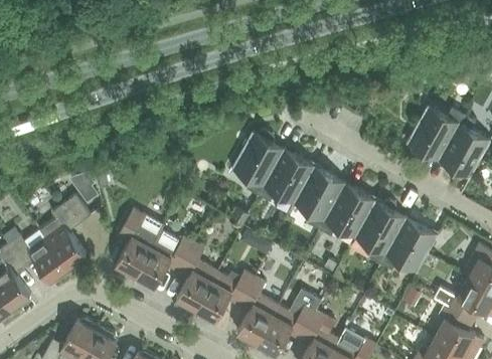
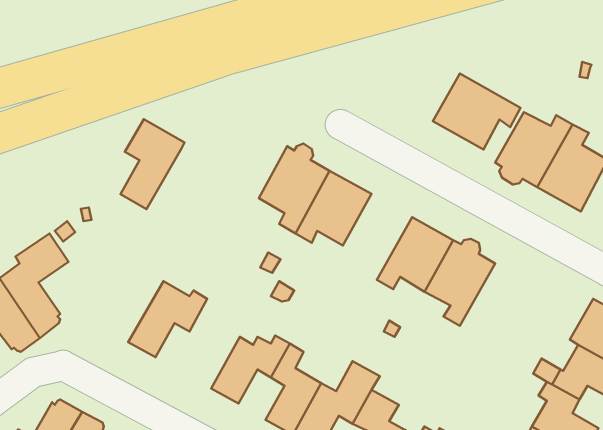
building: none -> [433,73,520,149]
building: [294,166,345,229] -> none
building: [116,209,163,276] -> [121,119,184,209]
building: [380,217,438,273] -> none
building: [176,243,217,310] -> none

